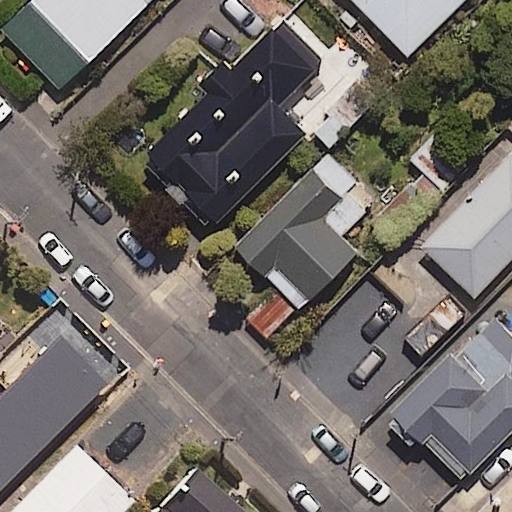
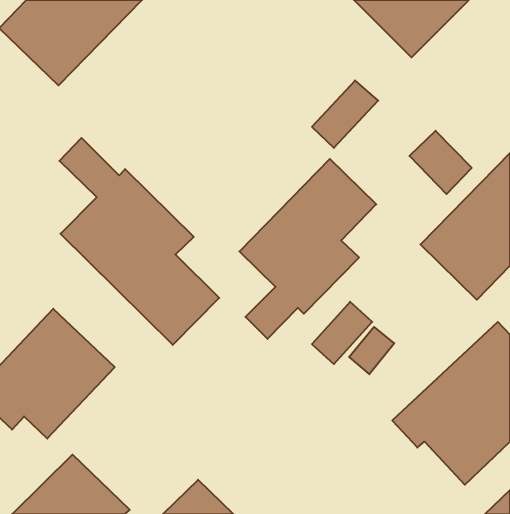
building: [146,24,323,229] -> none
building: none -> [59,138,219,345]

